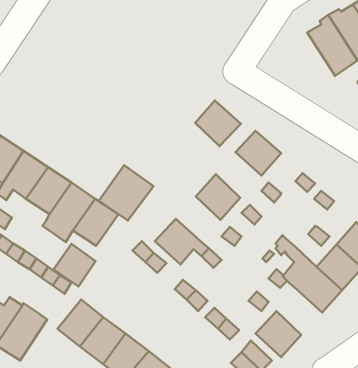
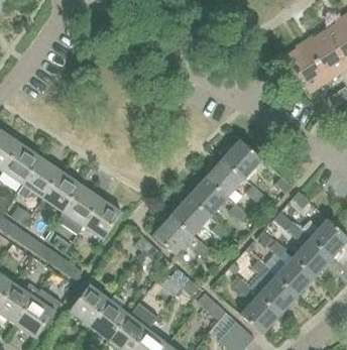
building: [195,101,241,146] -> [206,157,245,197]
building: [99,165,153,220] -> none
building: none -> [171,196,210,234]
building: [54,244,96,286] -> none
building: none -> [258,275,298,315]

